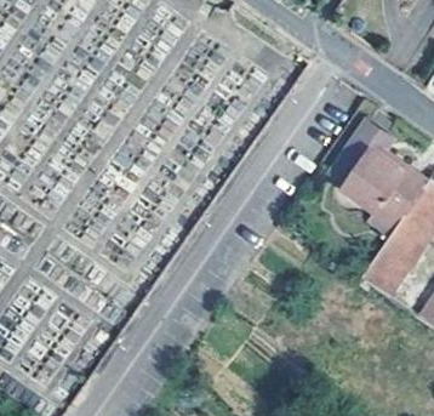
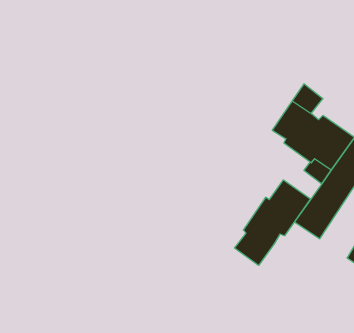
building: none -> [235,180,311,265]

